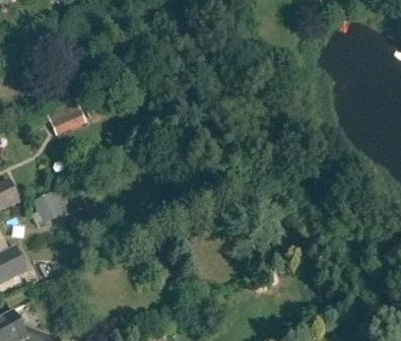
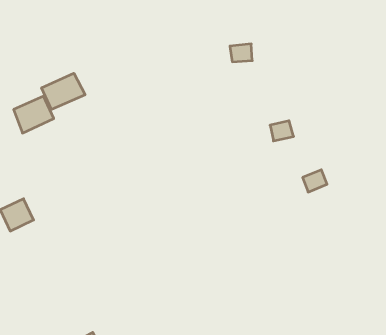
building: none -> [42,73,85,109]

